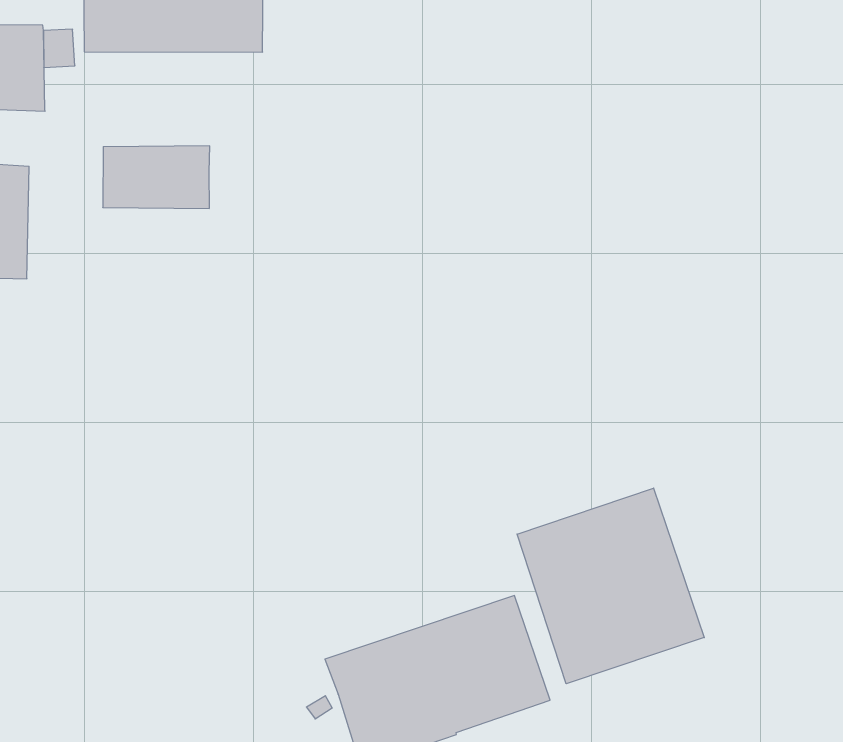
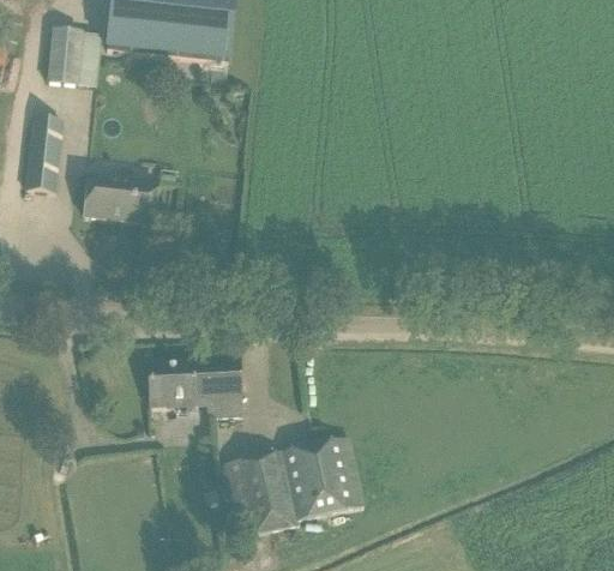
building: [103,146,210,208] -> [84,174,158,222]
building: [517,488,704,684] -> none
building: none -> [149,359,243,416]

